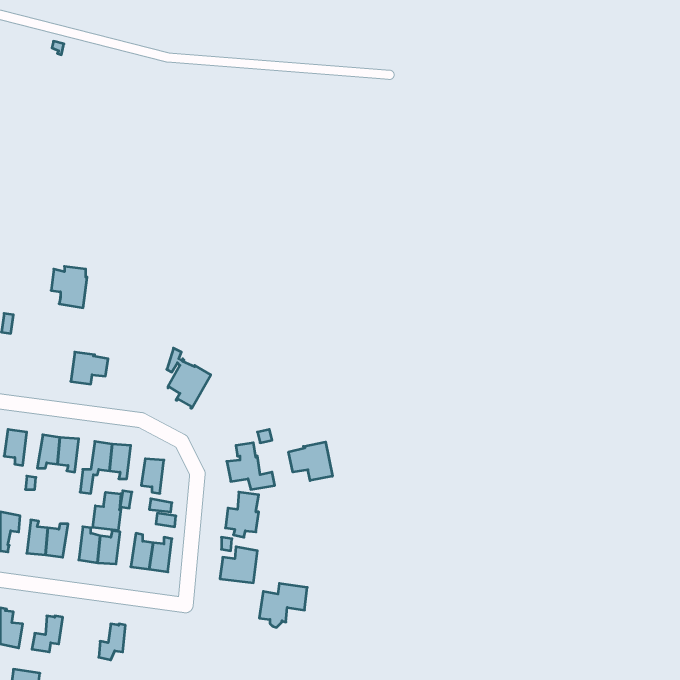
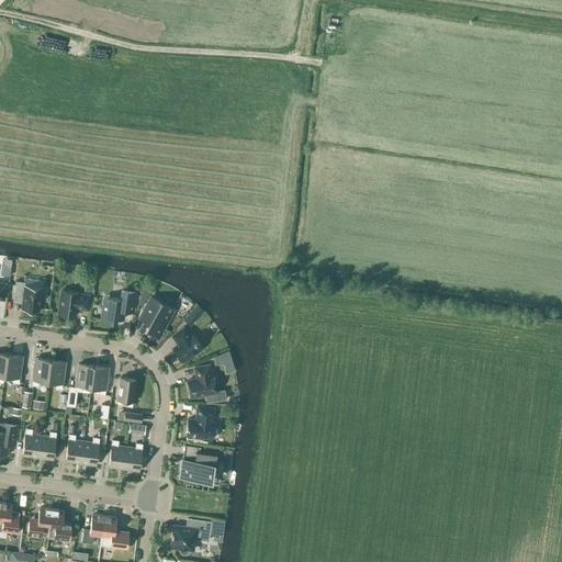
building: [51,266,87,308] -> [14,279,44,313]
building: none -> [101,294,136,323]
building: none -> [172,327,203,362]
building: [289,442,332,481] -> none
building: [93,492,121,530] -> none
building: [259,583,307,627] -> [171,519,211,555]
building: none -> [48,509,71,541]
building: none -> [101,516,130,550]

